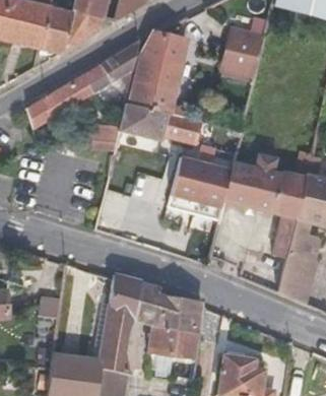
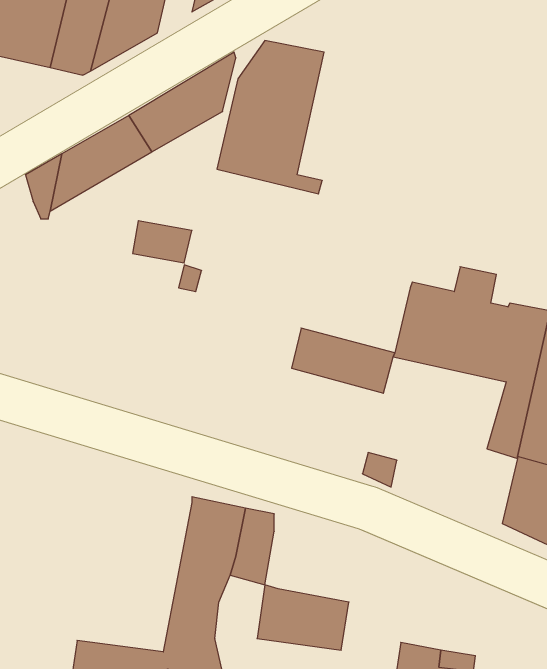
building: [221,28,263,80] -> none
building: [117,104,200,145] -> none
building: [173,154,231,201] -> none
building: [153,286,203,333] -> none

